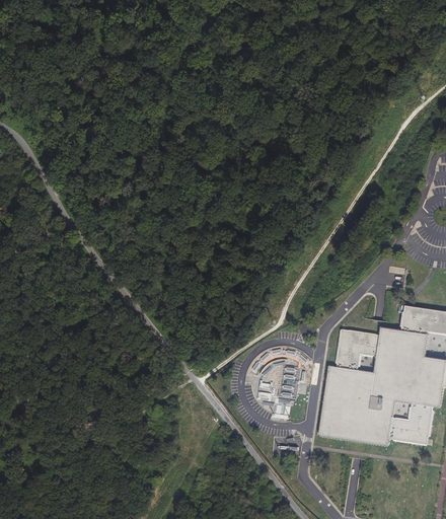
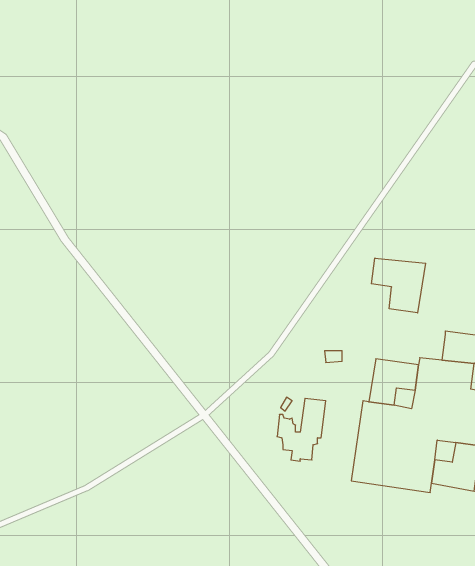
building: none -> [371,258,426,313]

